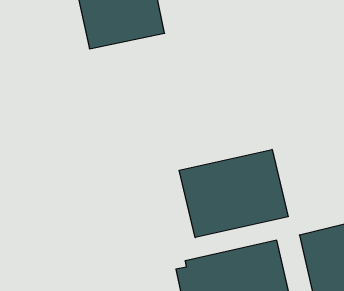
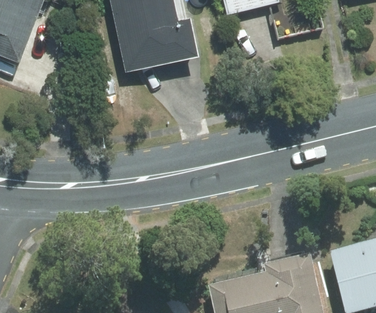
building: [179,149,288,238] -> none

